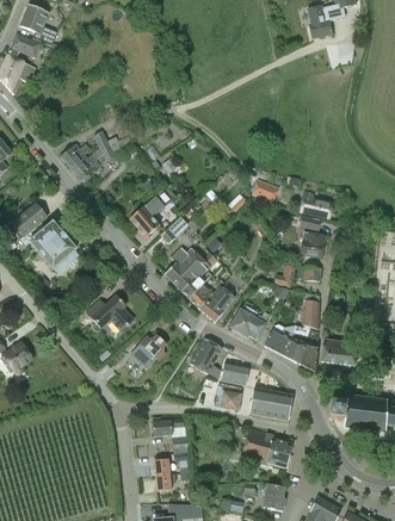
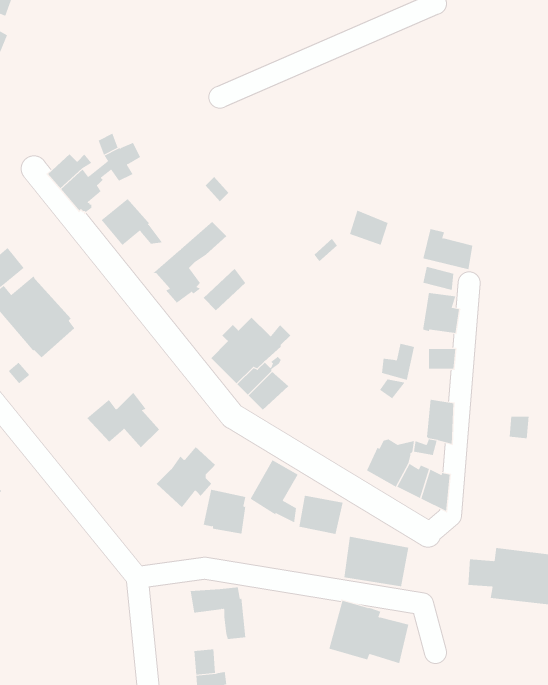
building: none -> [101,198,163,246]
building: [198,286,234,321] -> none
building: [230,310,267,339] -> none
building: [321,339,356,365] -> none
building: [214,382,241,410] -> [203,489,246,534]

